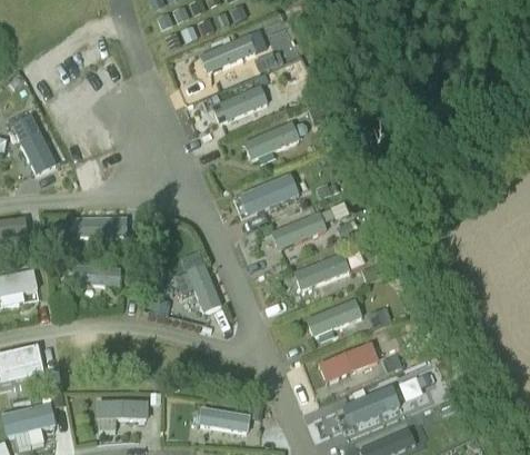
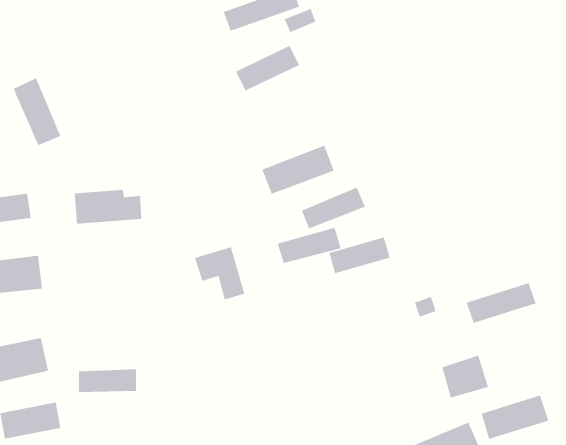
building: [243,121,300,160] -> none
building: [71,264,121,285] -> none
building: [306,301,363,334] -> [277,227,341,263]
building: [317,345,380,382] -> [466,282,537,323]
building: [340,387,401,427] -> [481,395,549,440]
building: [96,399,148,421] -> [78,369,137,392]
building: [199,408,250,429] -> none

